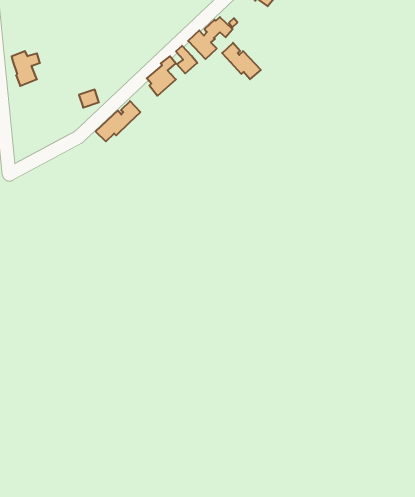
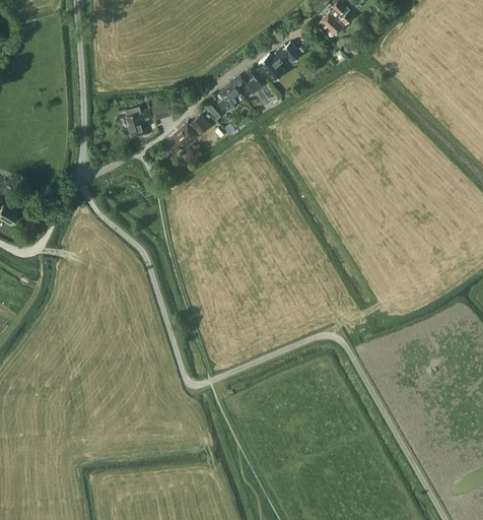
building: [222,43,261,79] -> none
building: [12,51,40,86] -> [126,108,152,140]

